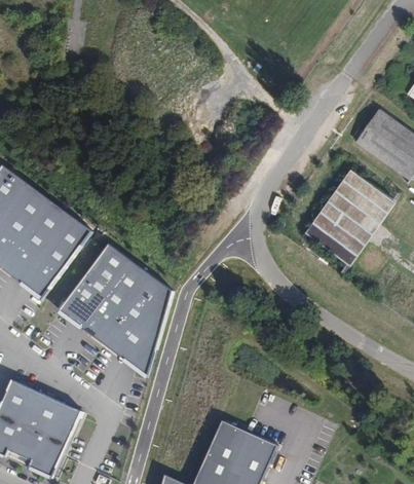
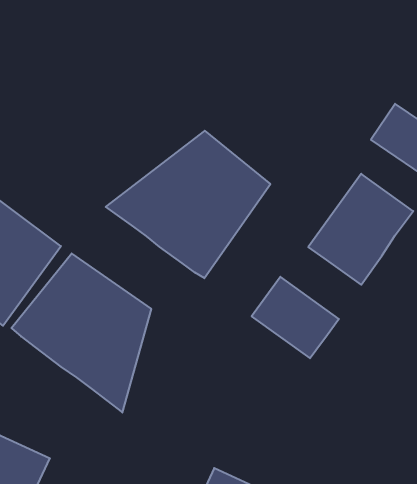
building: none -> [106,131,270,278]
building: none -> [252,277,339,358]

